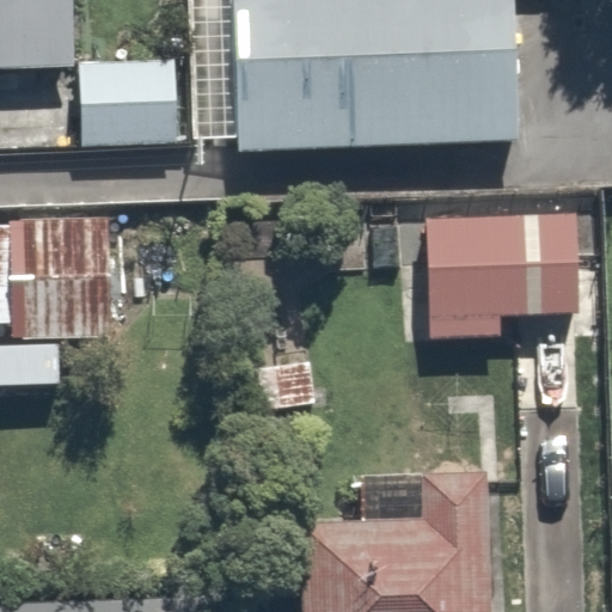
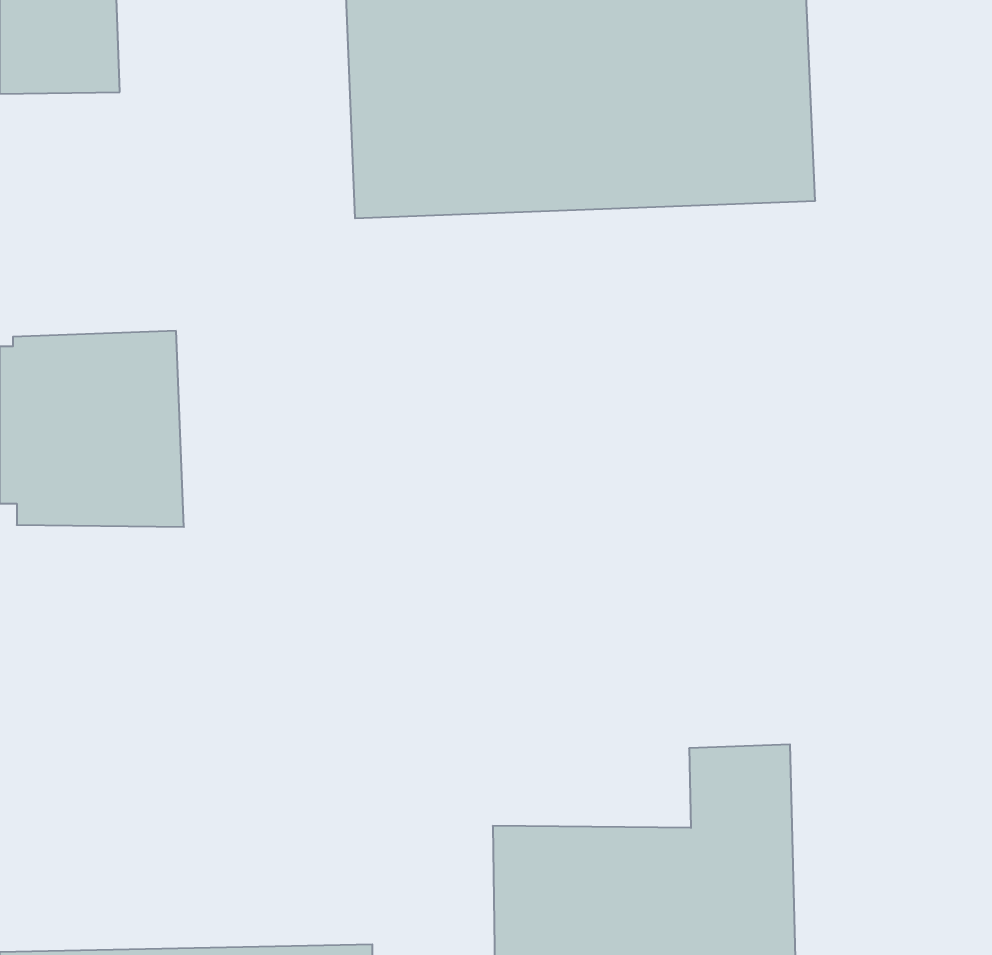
building: [80,59,179,146] -> none
building: [424,214,577,338] -> none

